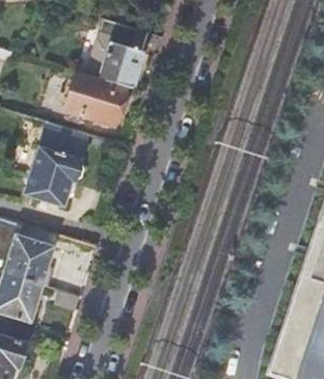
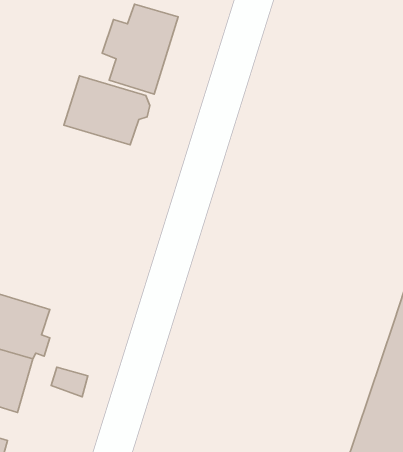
building: [24,121,90,207] -> none

